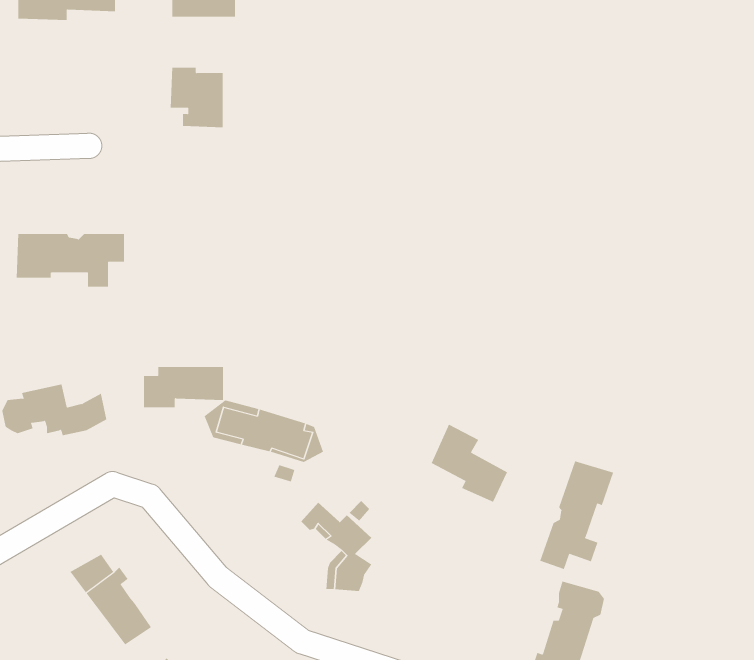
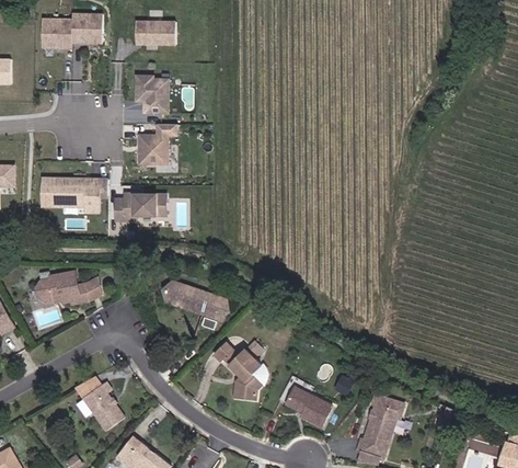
building: none -> [140,126,177,167]
building: [143,367,224,408] -> [116,191,165,216]
building: [431,424,508,503] -> [281,375,329,423]
building: [540,461,614,570] -> none

